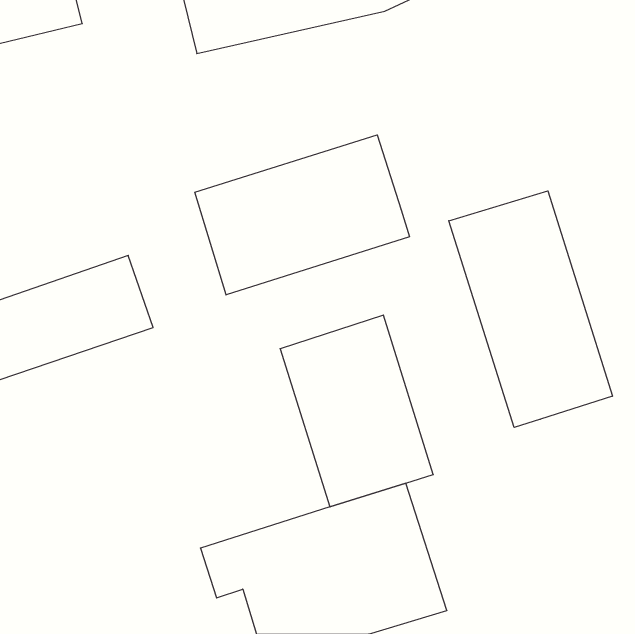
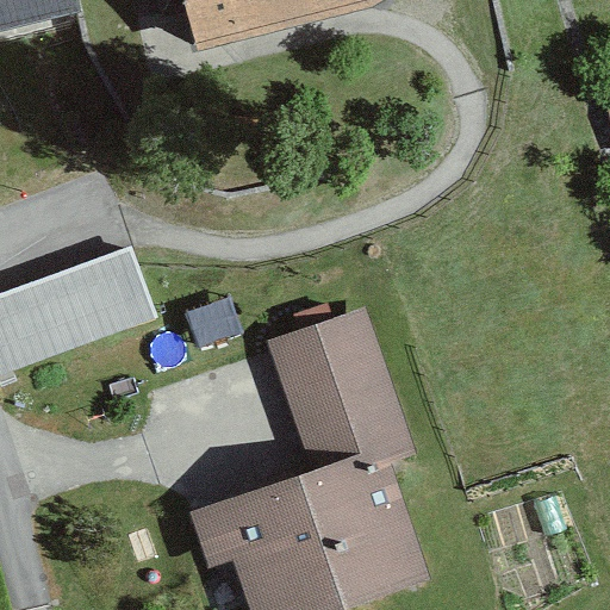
building: [195,135,410,295] -> none
building: [449,191,612,427] -> none

